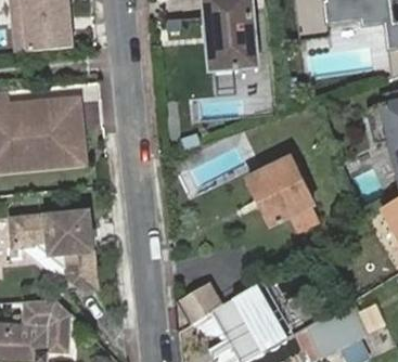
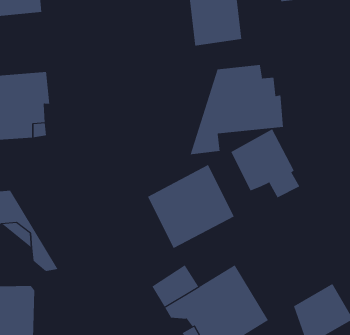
building: none -> [190,64,284,155]
building: none -> [147,164,235,249]
building: [46,209,98,287] -> none

